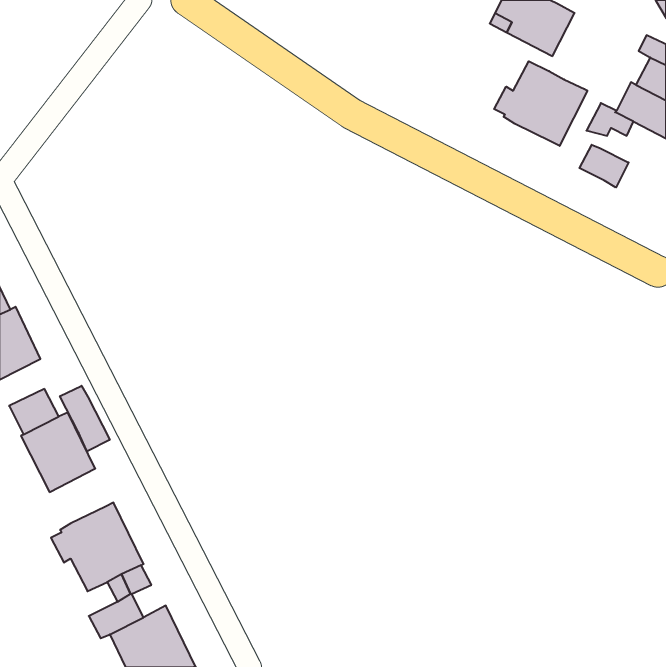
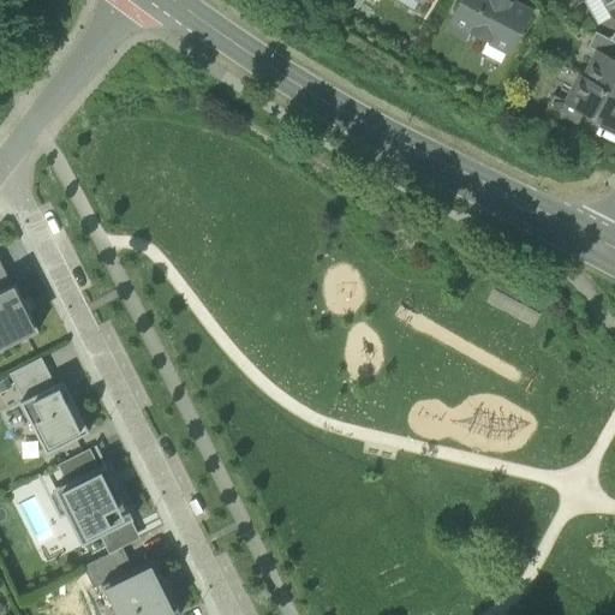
building: [494,61,587,146] -> none
building: [579,145,629,187] -> none
building: [60,386,110,451] -> none
building: none -> [56,448,97,482]

